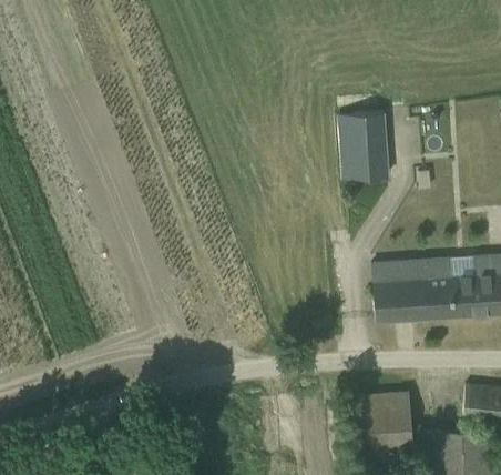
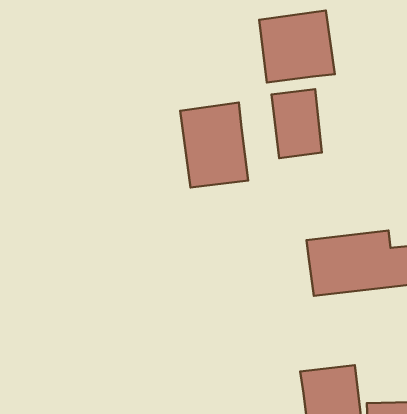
building: none -> [259,10,335,82]
building: none -> [180,103,248,188]

